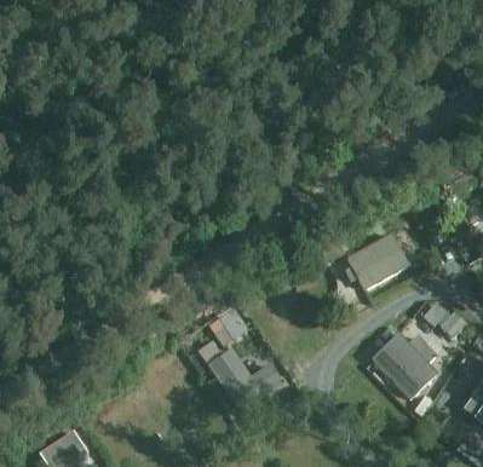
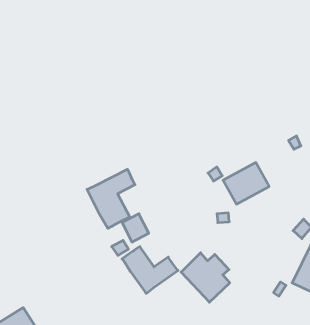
building: none -> [87,169,135,228]
building: [373,333,439,400] -> [181,253,230,302]

